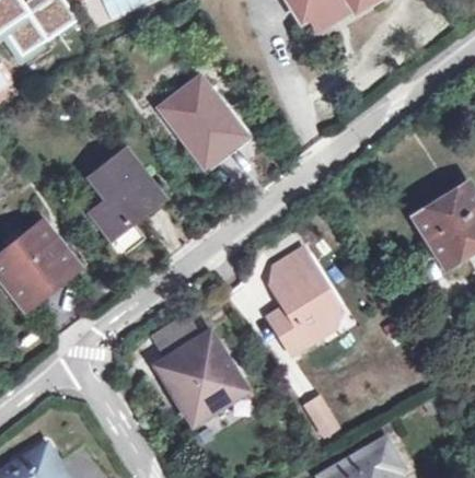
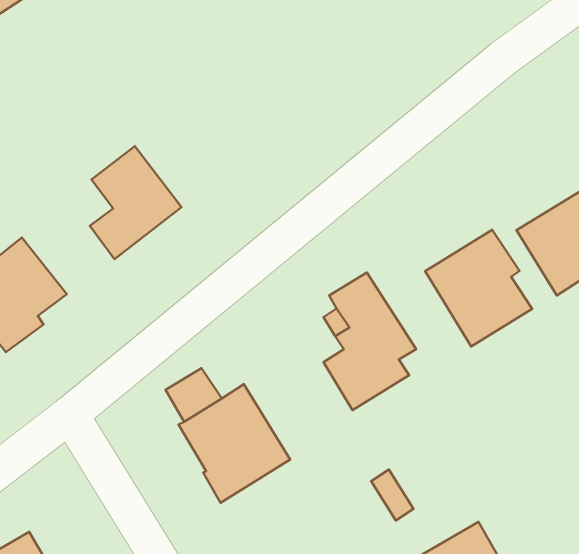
building: [160,79,242,167] -> none
building: none -> [425,230,532,346]

